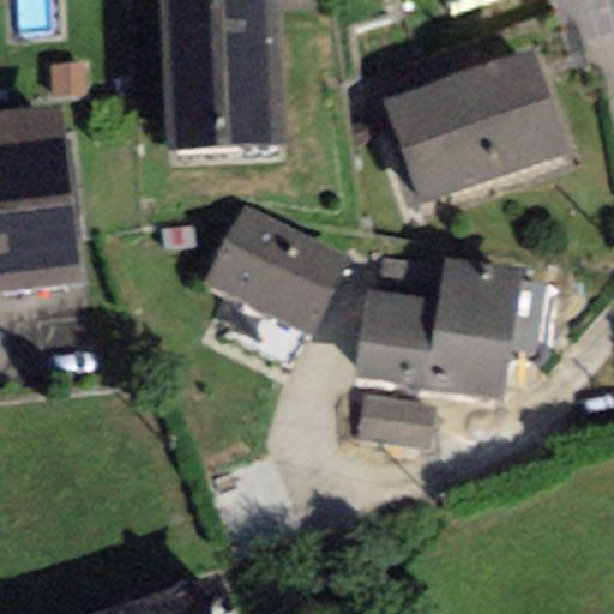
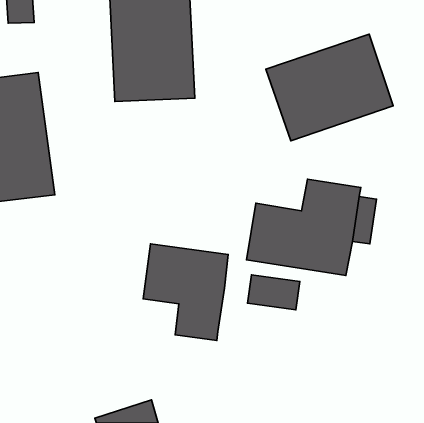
building: [201,204,349,336] -> none
building: none -> [143,244,228,341]

